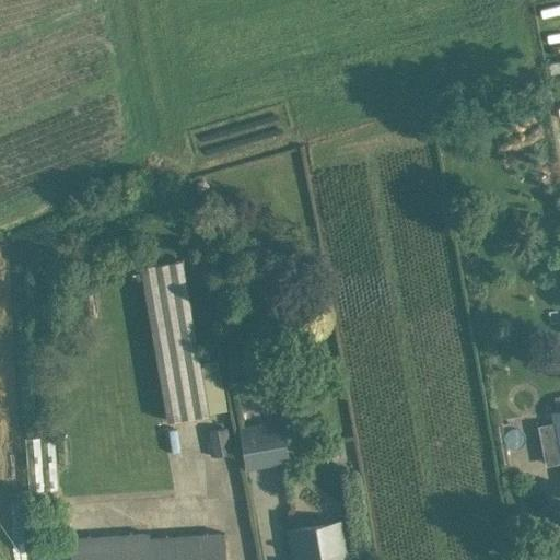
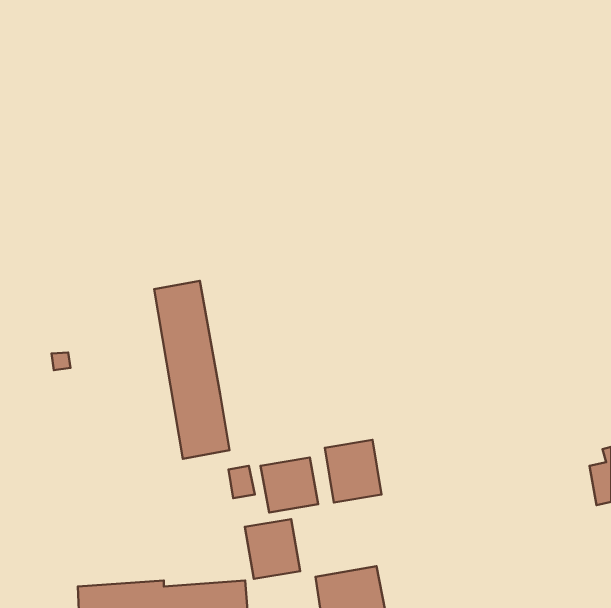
building: none -> [325,440,382,503]
building: none -> [245,519,300,579]

